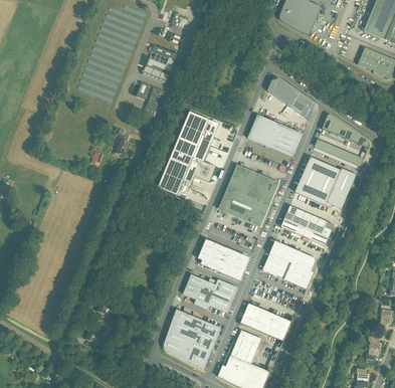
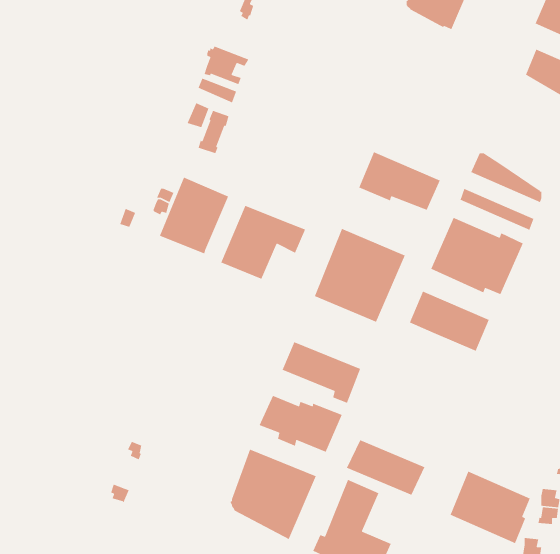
building: [267,78,314,119] -> none
building: [173,110,219,161] -> [159,176,229,255]
building: [262,240,316,288] -> [450,471,531,544]

